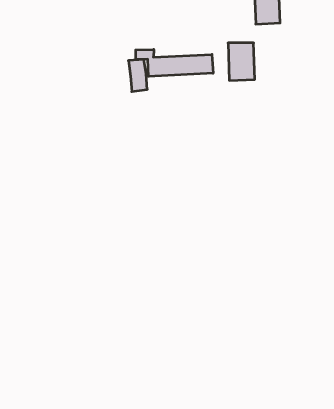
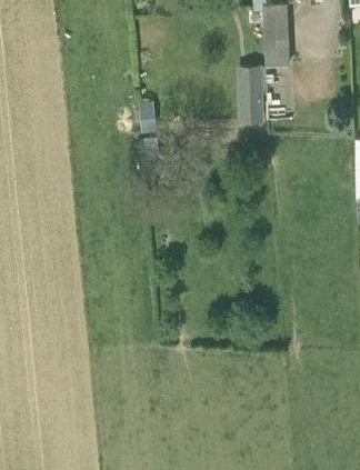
building: [136,49,213,76] -> none

